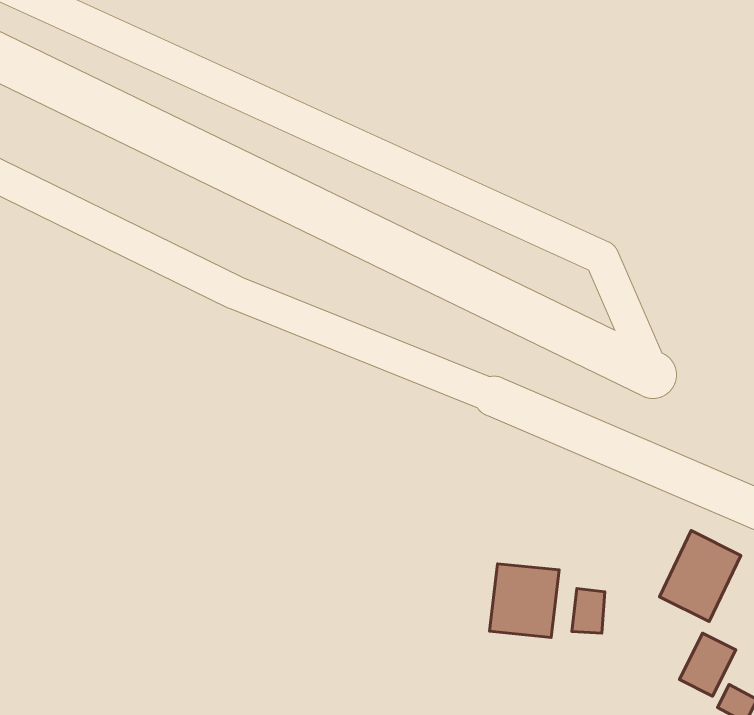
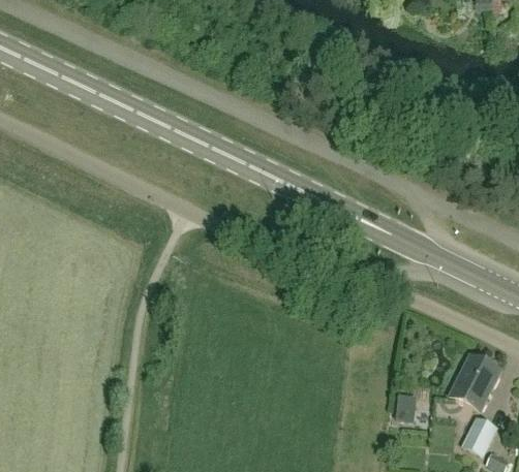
building: [490,564,559,637] -> none

